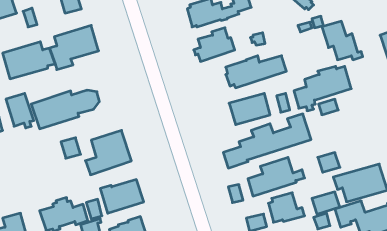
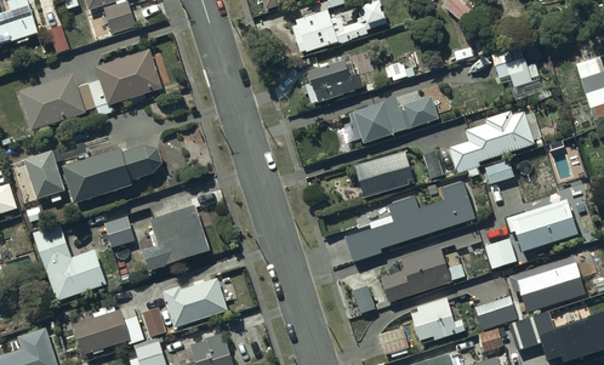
building: none -> [506,199,576,251]
building: none -> [33,223,106,301]

